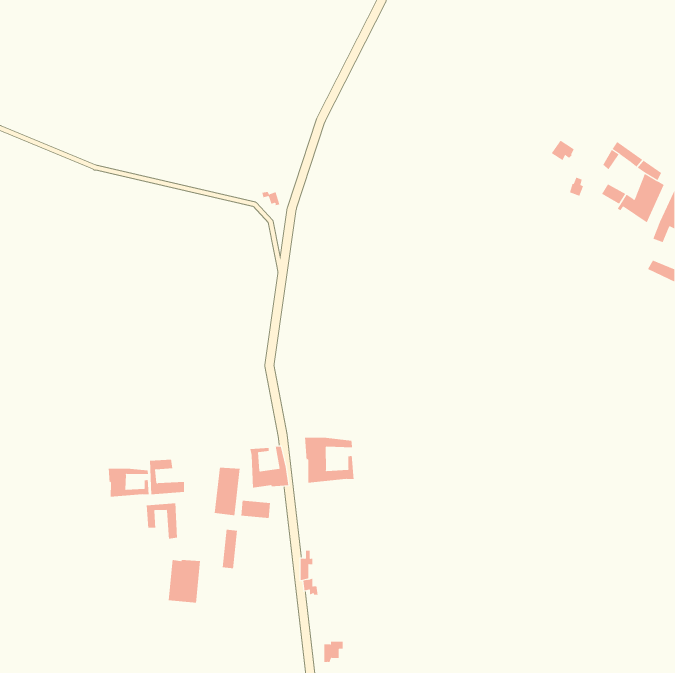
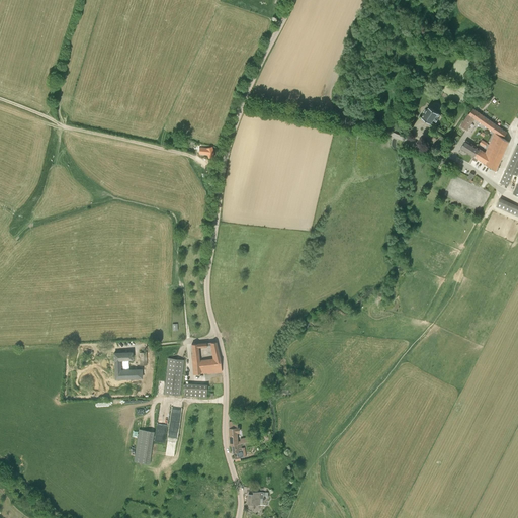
building: [305,437,354,483] -> none
building: [108,468,149,498] -> none
building: [146,502,178,539] -> none

